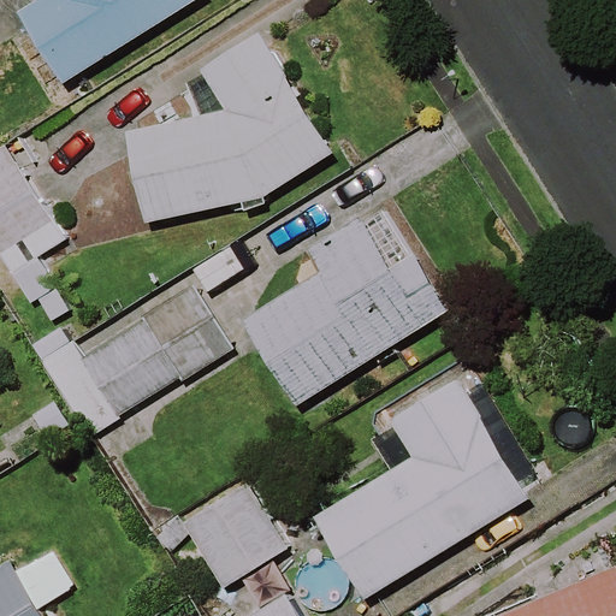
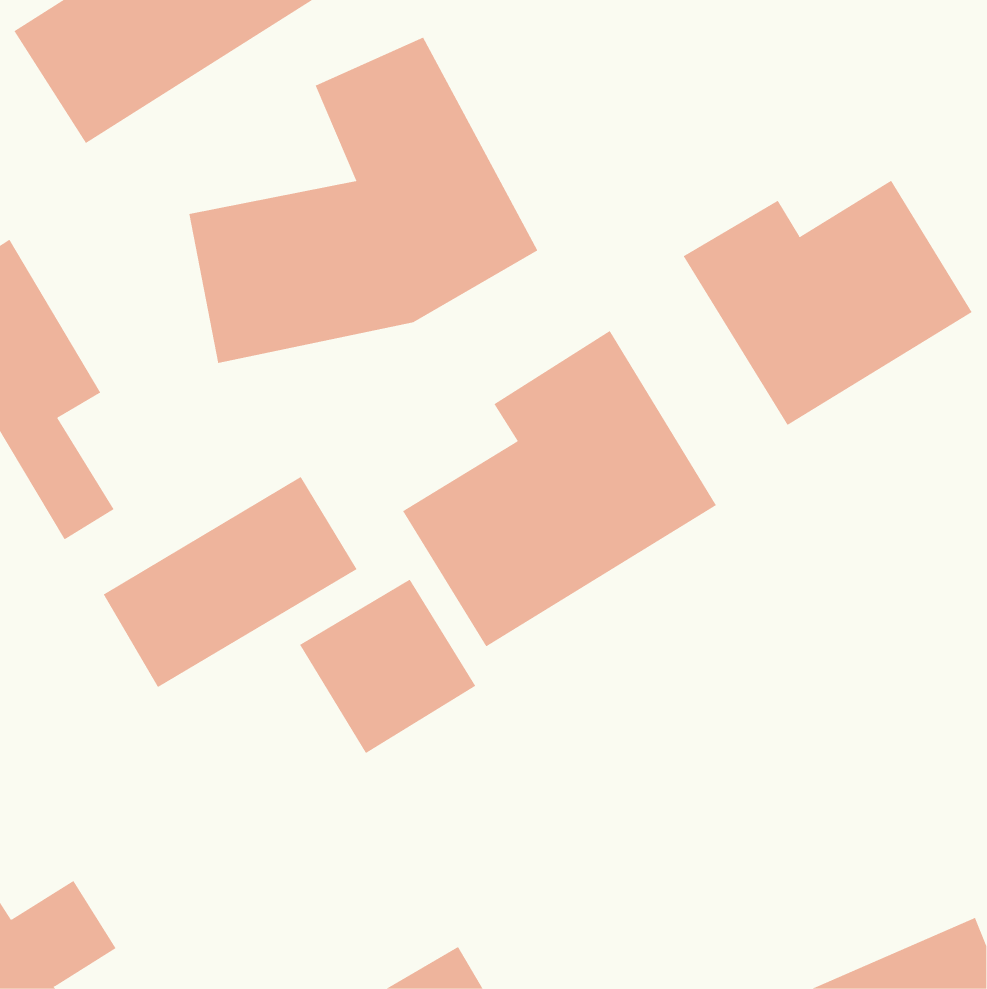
building: none -> [683,180,972,426]
building: [308,369,538,602] -> none
building: [179,481,289,590] -> [299,579,476,754]

